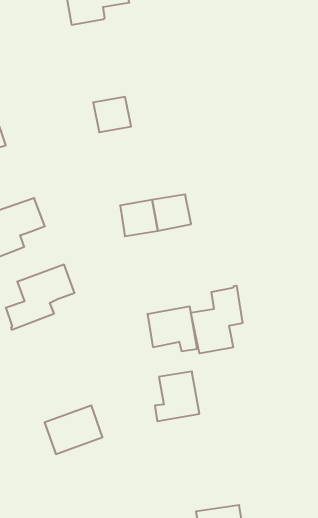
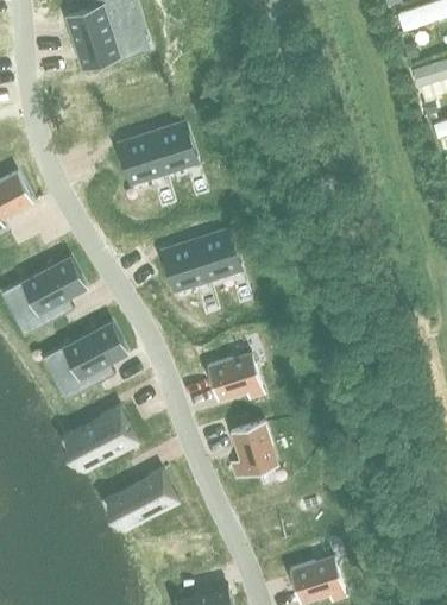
building: none -> [151,124,196,166]
building: [191,286,243,353] -> none
building: none -> [70,407,137,467]

